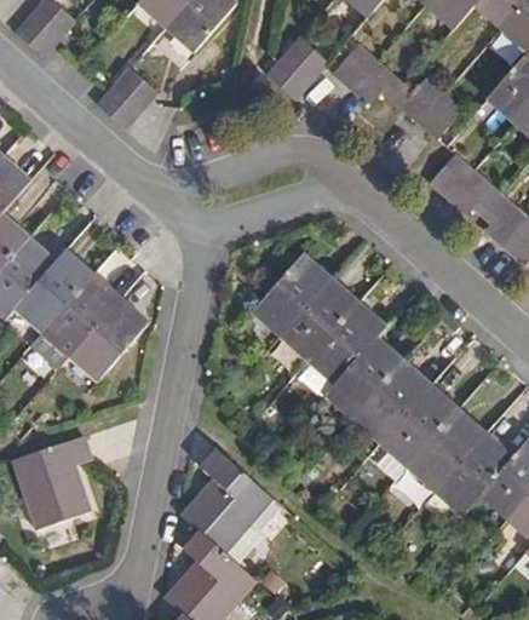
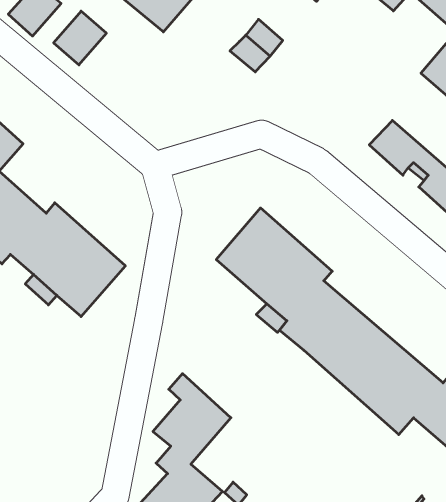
building: [332,45,462,139] -> none
building: [96,68,156,130] -> [54,11,106,65]
building: [15,432,94,527] -> none

